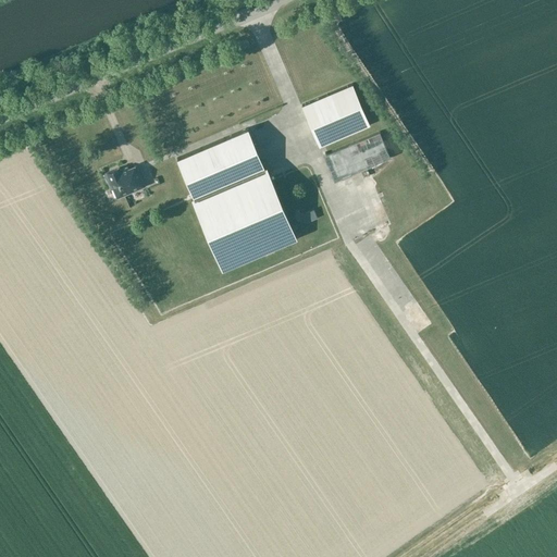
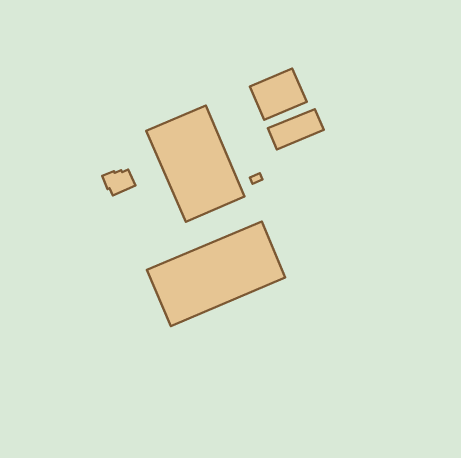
building: [104,169,145,200] -> [102,169,136,196]
building: none -> [147,222,285,326]

